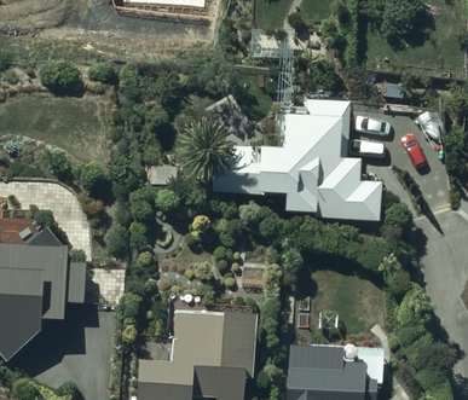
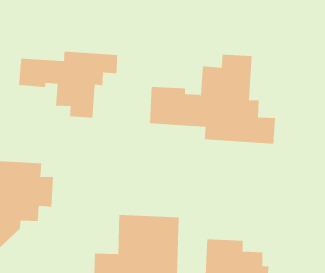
building: none -> [19,51,118,119]

